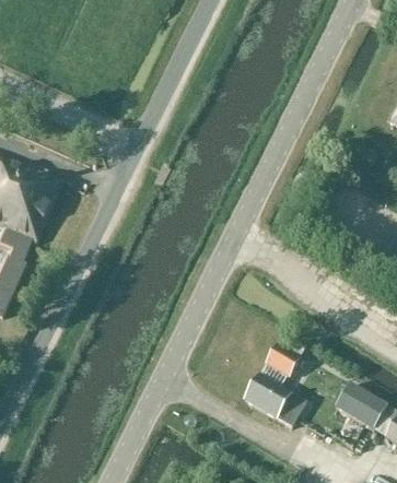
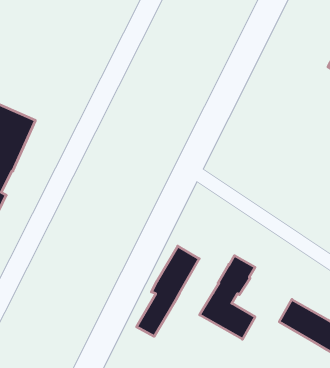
building: none -> [137,246,199,336]

